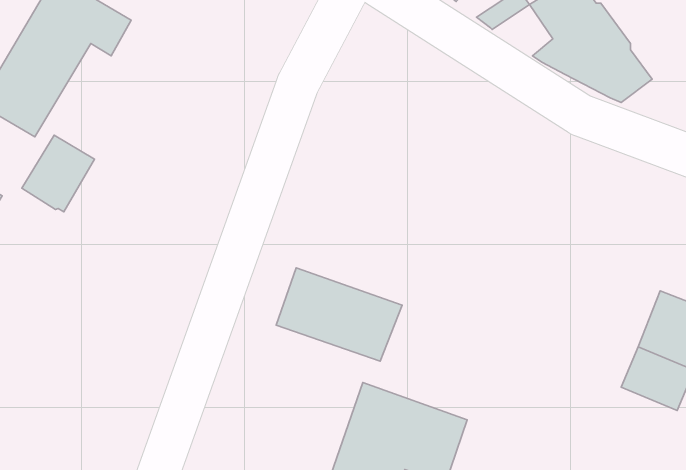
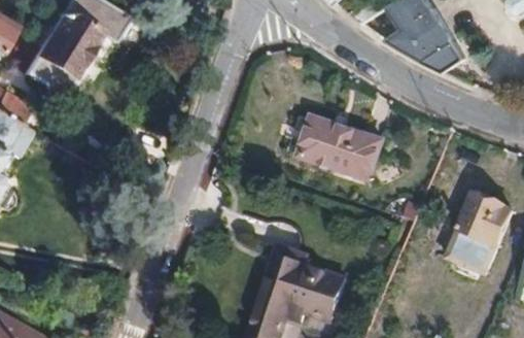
building: [22,135,94,212] -> none
building: [276,268,402,361] -> [300,116,383,178]

